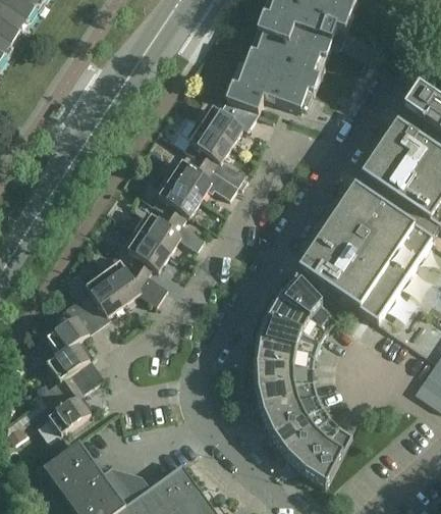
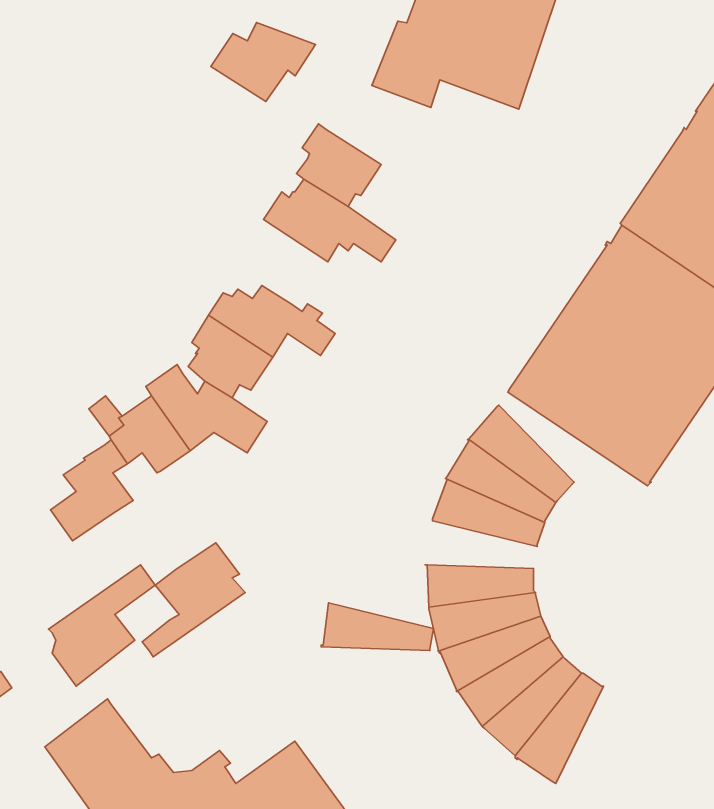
building: [199,100,257,144] -> [211,22,315,101]
building: [153,174,200,221] -> none
building: [39,339,96,402] -> [142,543,245,657]
building: [254,342,316,368] -> [321,603,433,651]

